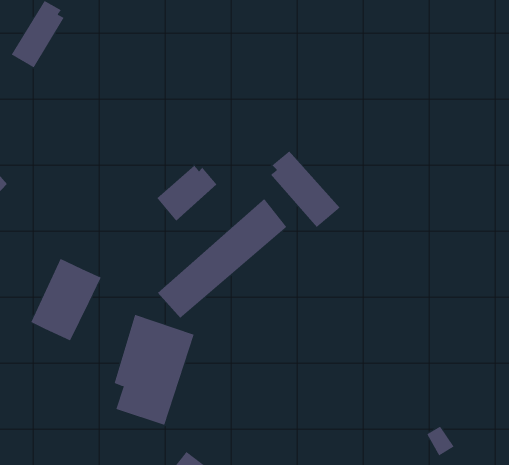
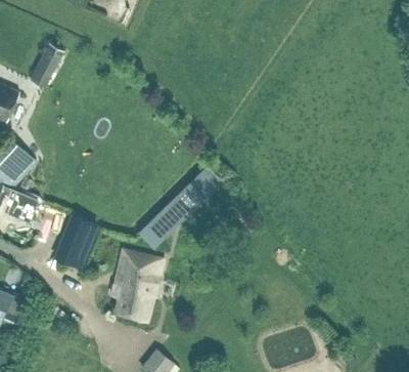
building: [270,150,341,228] -> none
building: [156,165,217,221] -> none

